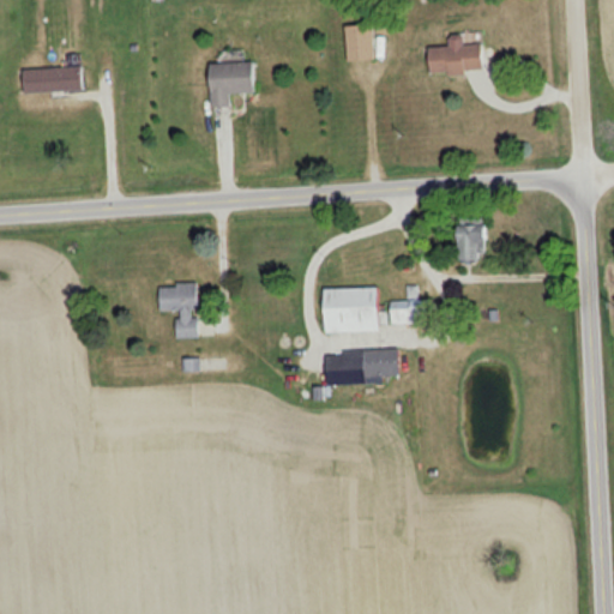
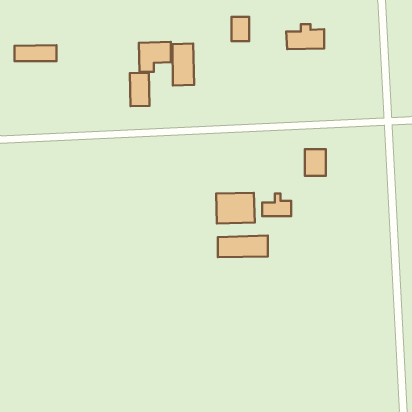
building: none -> [173,44,194,86]
building: none -> [130,73,150,106]
building: [158,283,199,337] -> none

